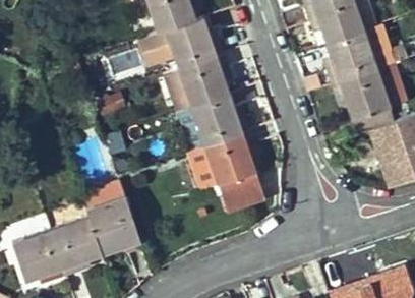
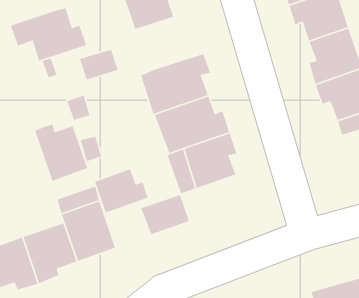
building: [151,18,225,70] -> [10,7,87,61]
building: none -> [34,123,88,182]
building: none -> [94,168,149,214]
building: [218,172,265,212] -> [140,194,190,235]

